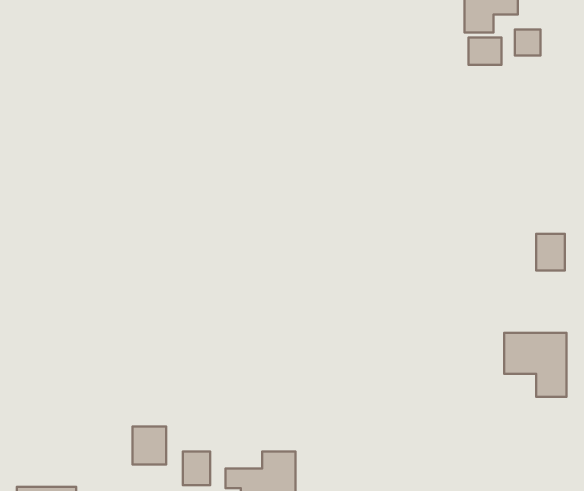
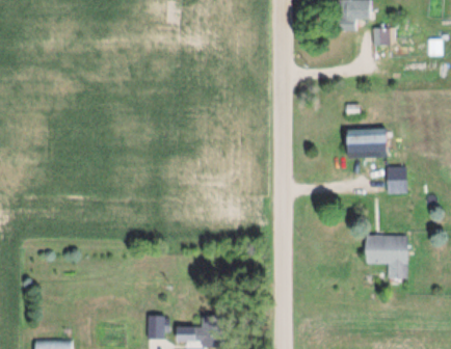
building: [468,38,501,65] -> none
building: none -> [347,128,394,157]
building: [132,427,166,464] -> none

